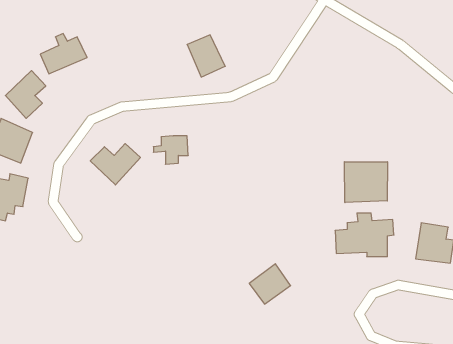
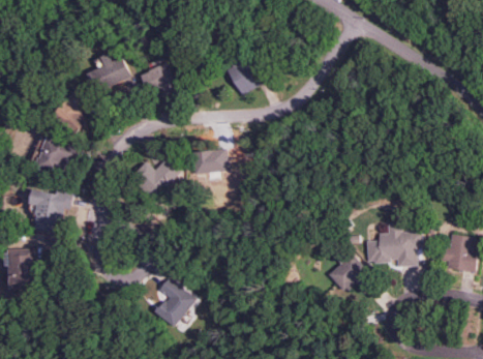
building: none -> [140,63,176,99]
building: [344,162,387,203] -> none
building: [249,264,291,304] -> [328,255,367,293]
building: none -> [154,278,194,327]

